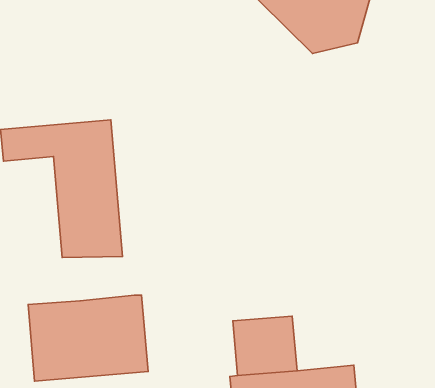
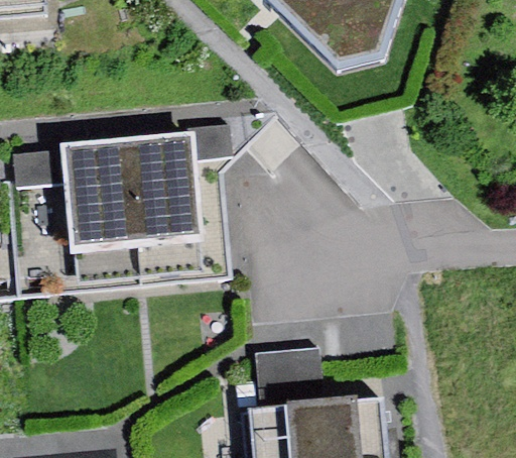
building: none -> [125,117,232,280]
building: [28,295,148,381] -> none

